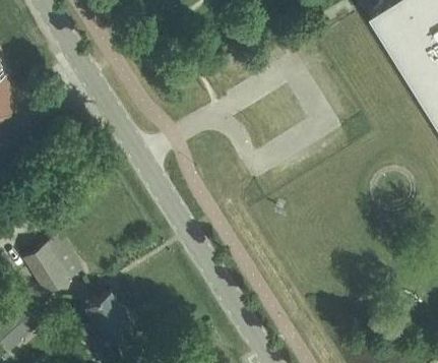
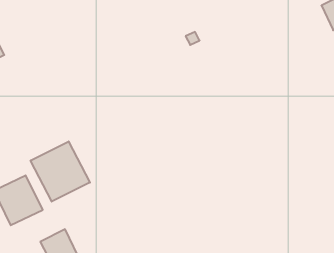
building: none -> [31,141,90,202]

